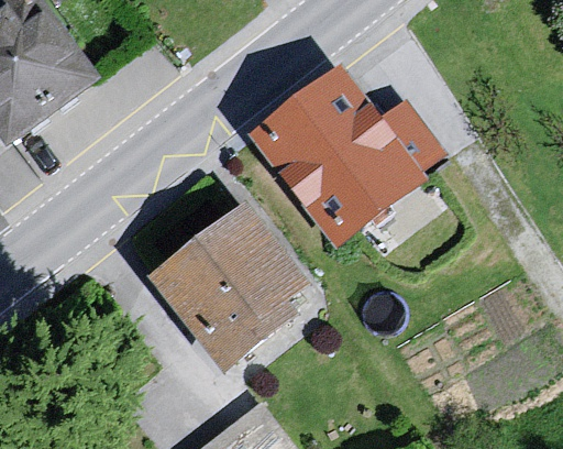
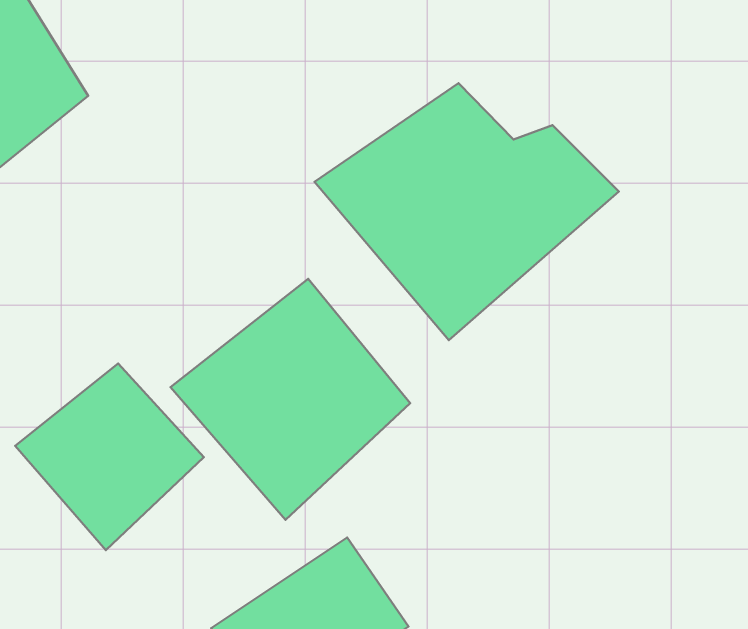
building: none -> [15,364,204,550]

